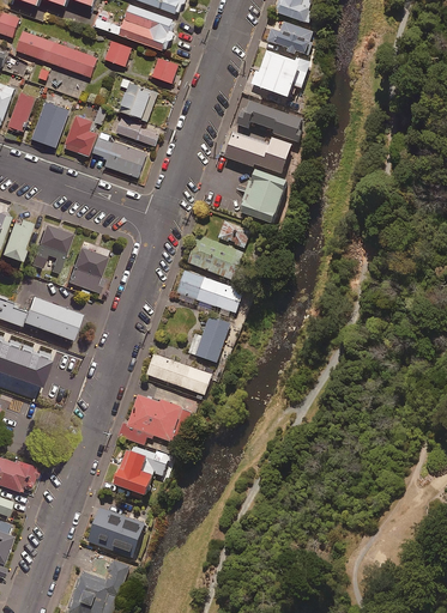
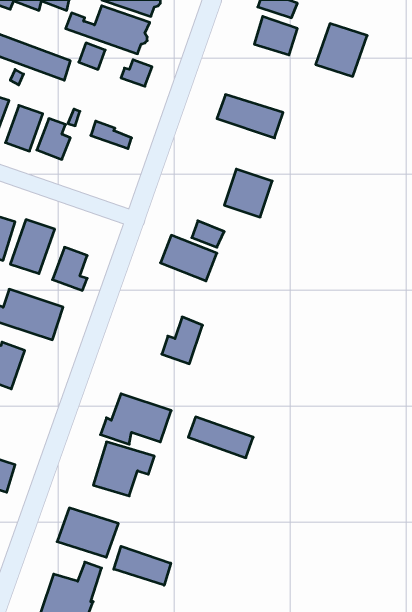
building: [258,45,309,98] -> [316,24,367,76]
building: [115,79,153,126] -> none
building: [225,128,301,172] -> none
building: [91,134,143,180] -> none
building: [173,271,241,316] -> none
building: [143,354,207,395] -> [188,417,253,458]
building: none -> [114,546,171,585]

